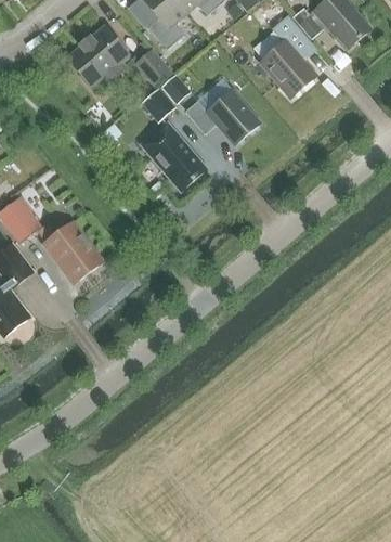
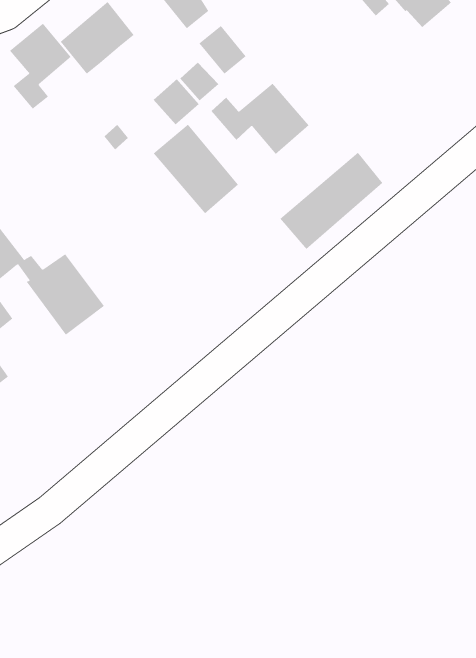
building: [260,39,315,95] -> none
building: none -> [9,23,72,110]
building: [134,48,171,86] -> [199,25,247,75]
building: none -> [279,152,383,250]

